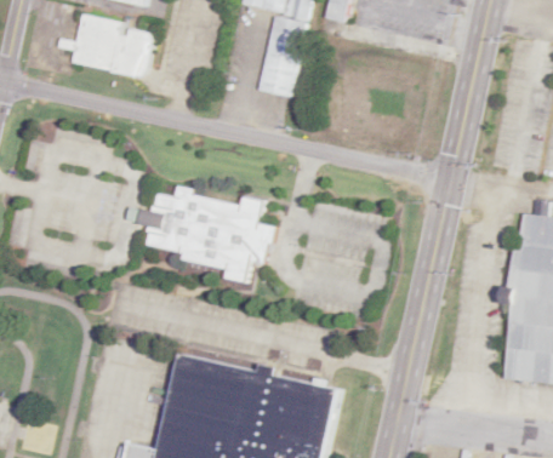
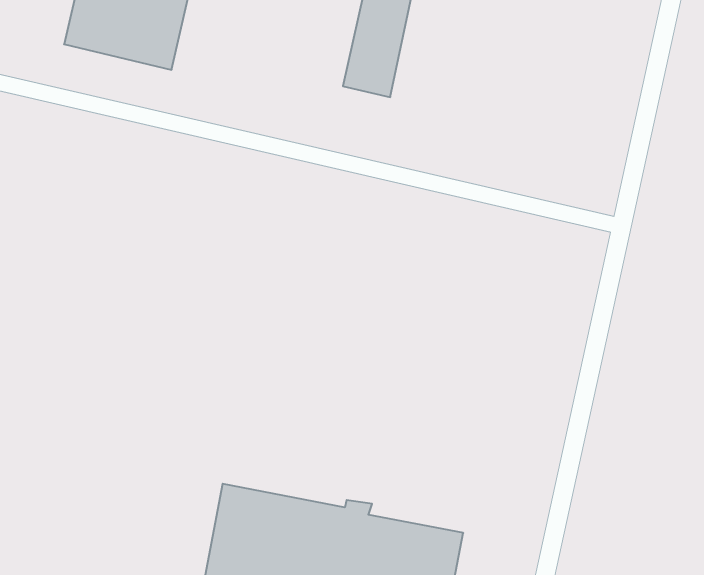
building: [127,187,276,282] -> none

